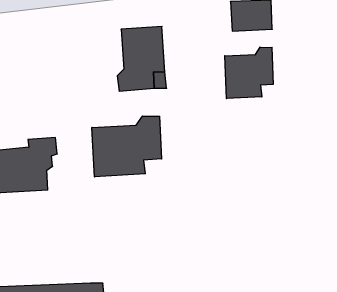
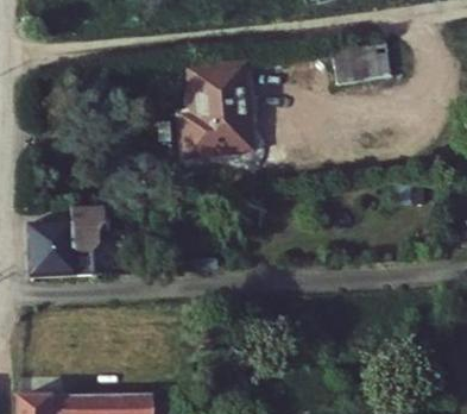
building: [225,47,273,99] -> none
building: [92,116,162,177] -> none

